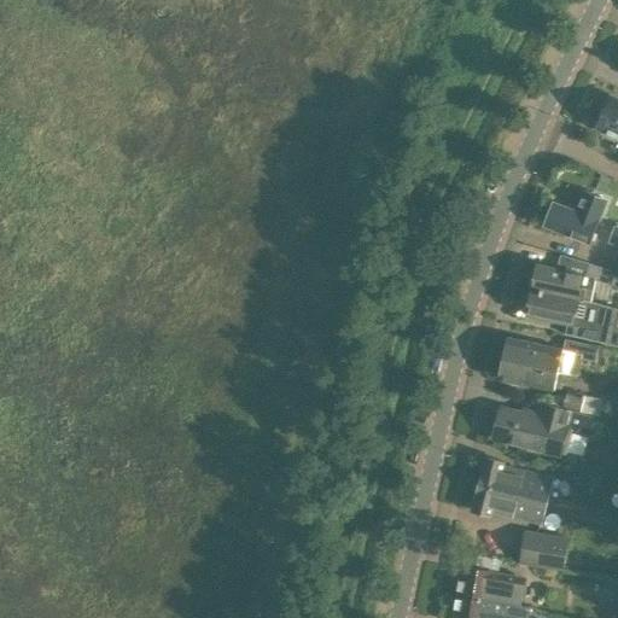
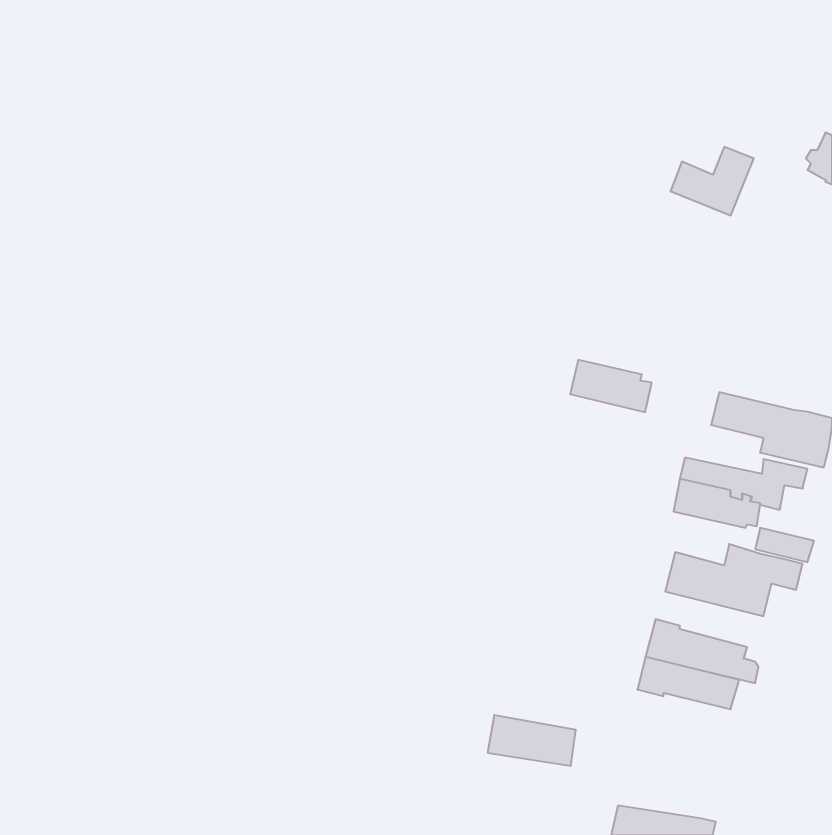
building: [543,191,605,241] -> [670,147,754,216]
building: [531,264,591,303] -> [570,360,652,412]
building: [519,531,569,570] -> none
building: [456,567,521,605] -> [488,715,576,766]

